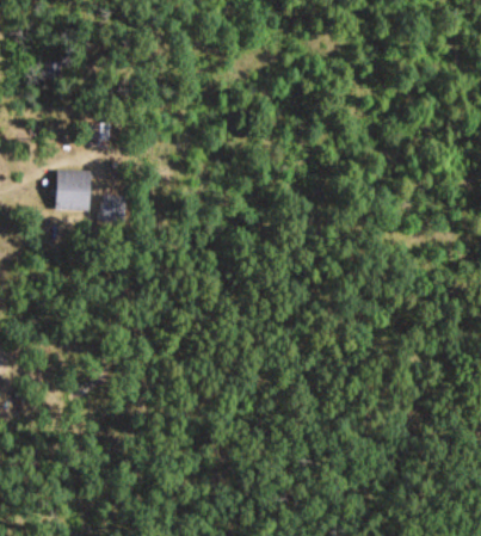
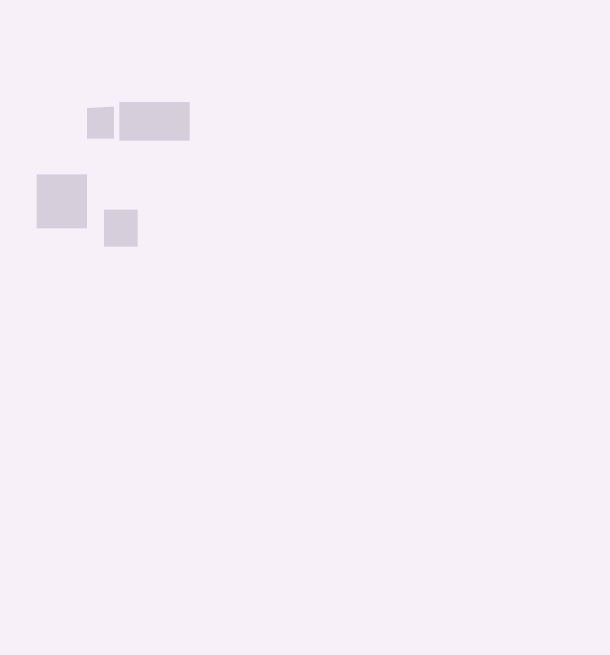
building: none -> [119,101,190,142]

